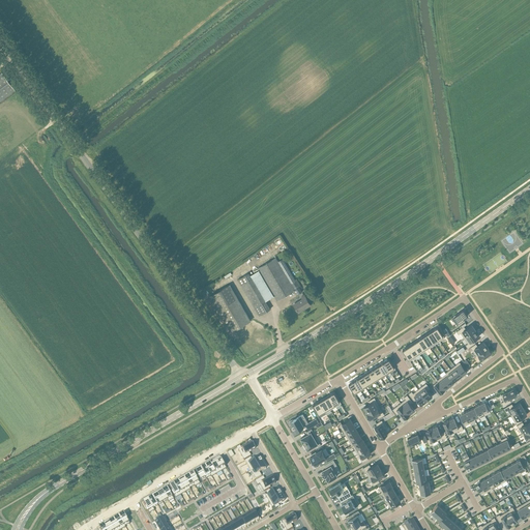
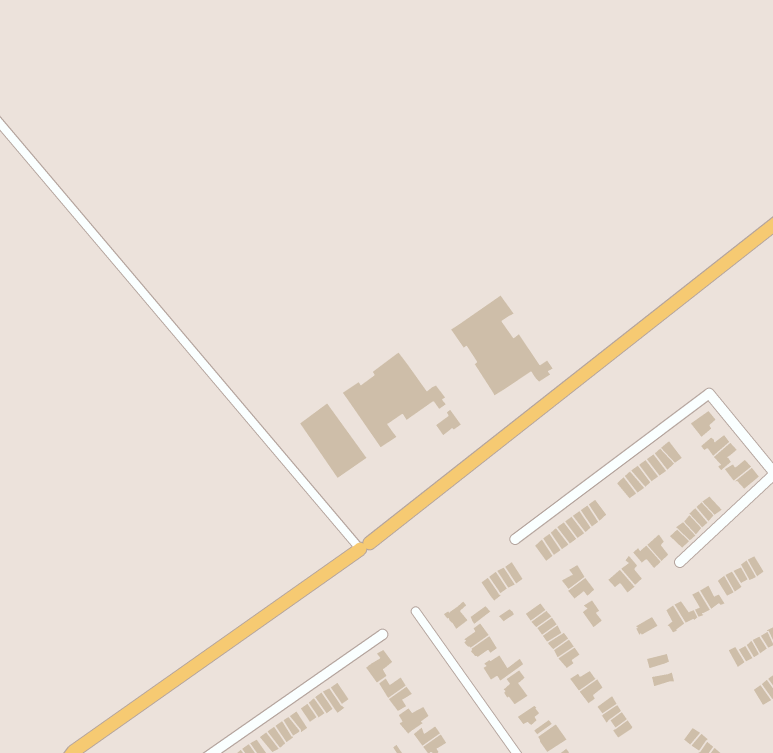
building: none -> [450,294,553,396]

